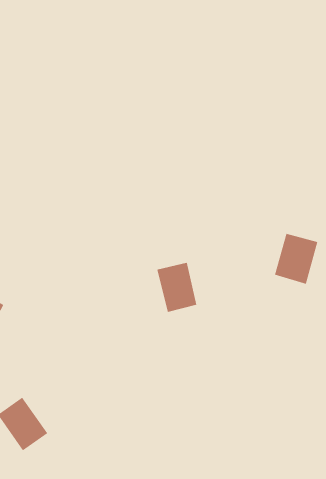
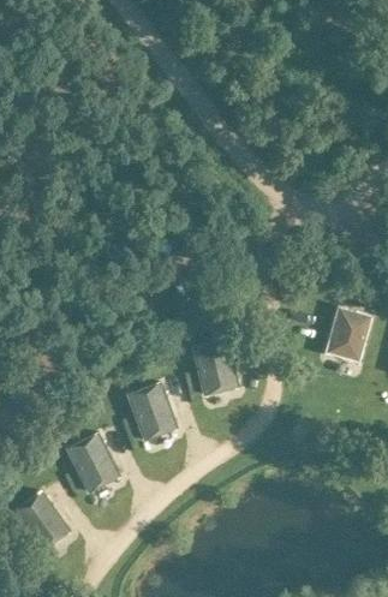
building: none -> [125,384,175,442]
building: none -> [64,435,118,494]

